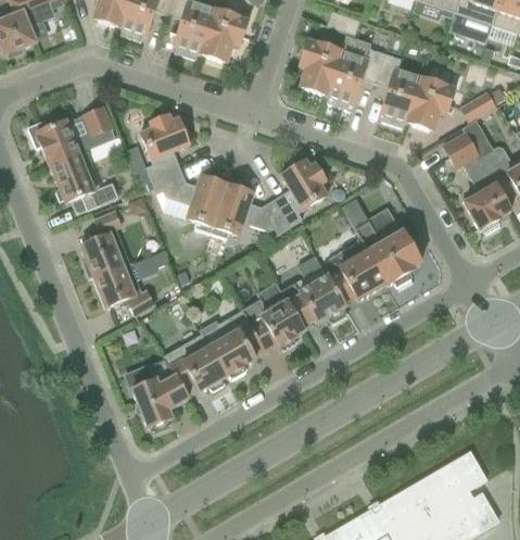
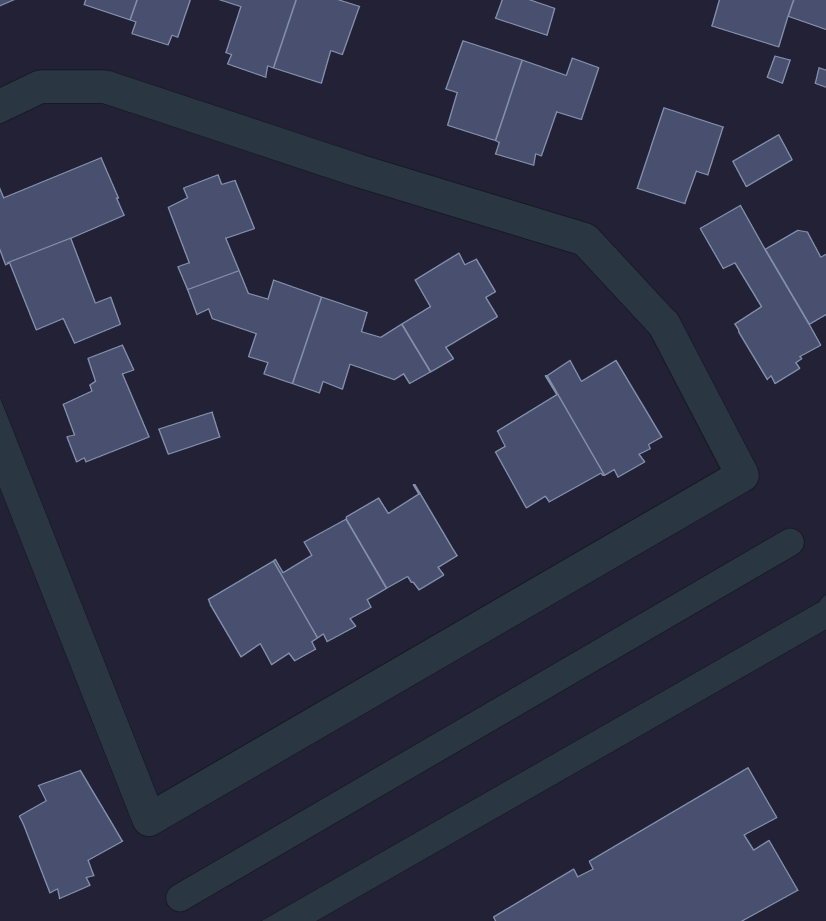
building: [376,53,422,127] -> none
building: [94,263,154,314] -> none
building: [281,265,347,327] -> none
building: [130,359,189,431] -> [19,770,123,899]

